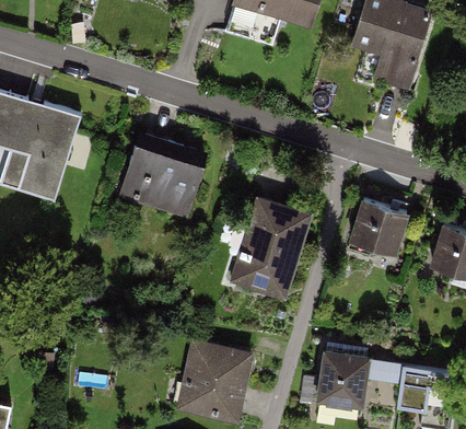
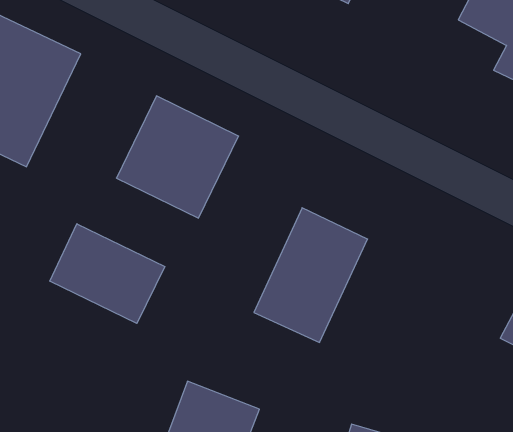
building: [349,200,411,259] -> none
building: none -> [50,224,165,323]

